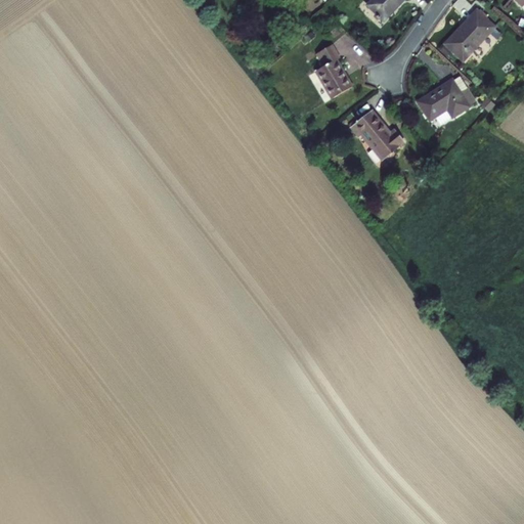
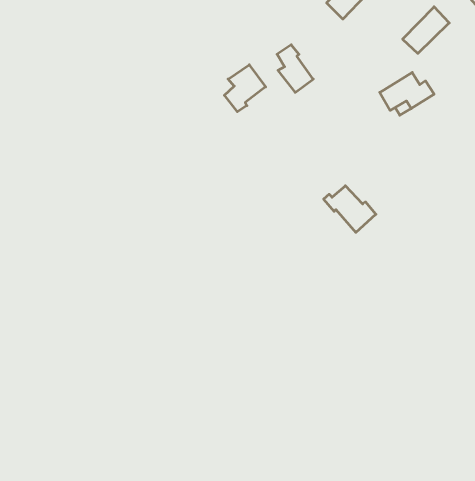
building: none -> [224,65,266,112]
building: [348,111,404,161] -> [324,186,376,232]

